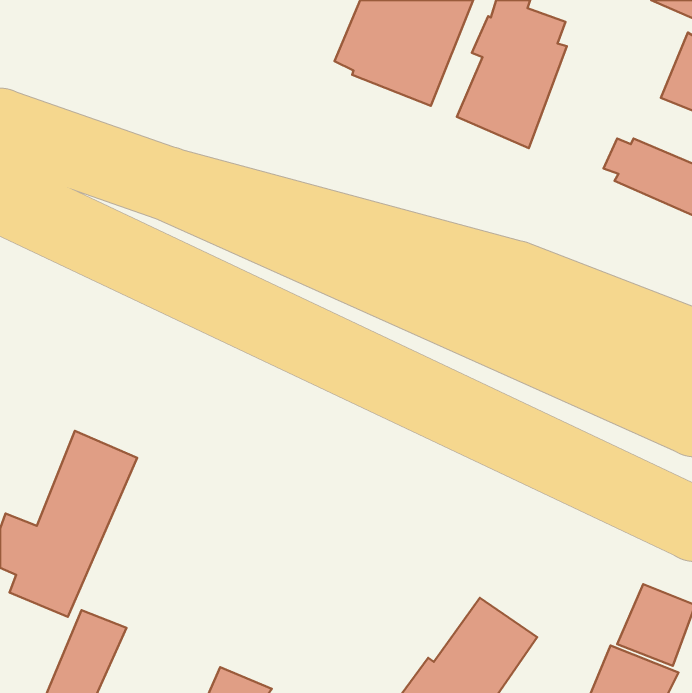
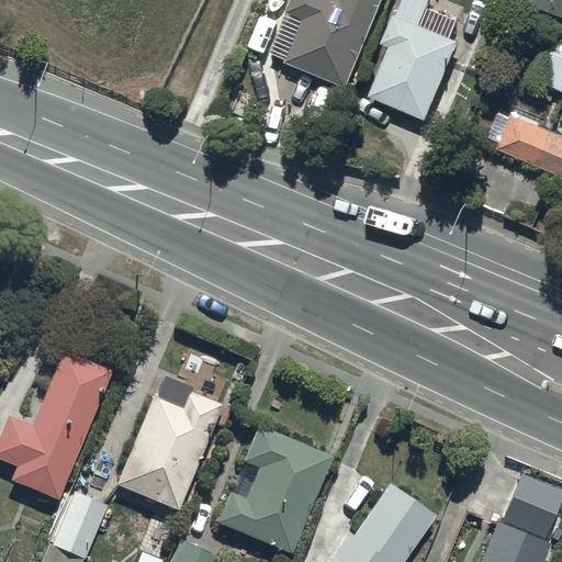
building: none -> [115,375,222,512]
building: none -> [216,424,333,554]

